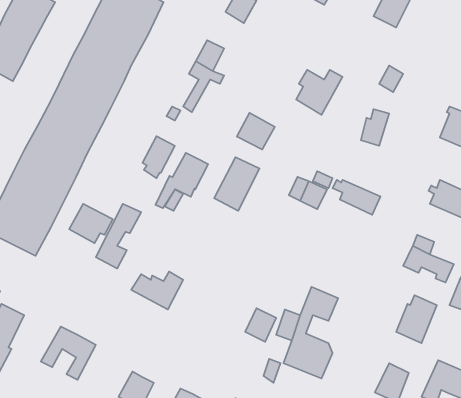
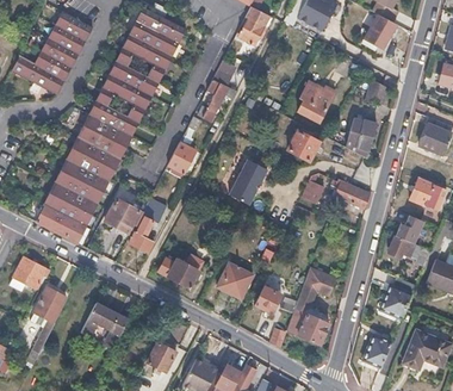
building: [237,113,275,149] -> [286,130,318,161]
building: [156,153,208,208] -> none
building: none -> [217,263,253,299]

